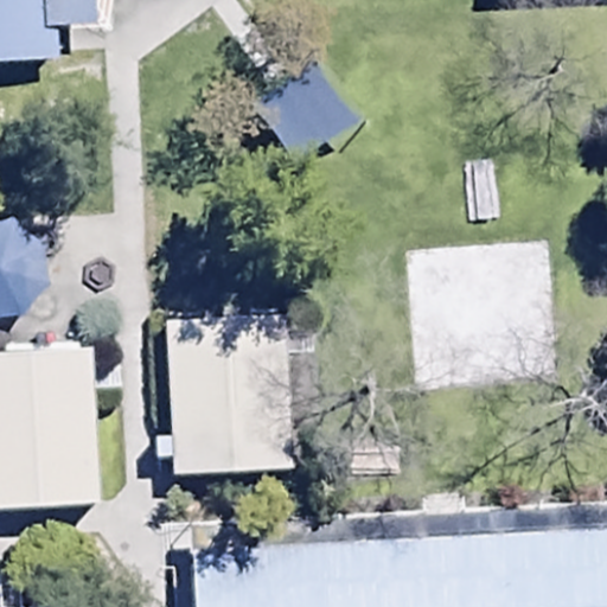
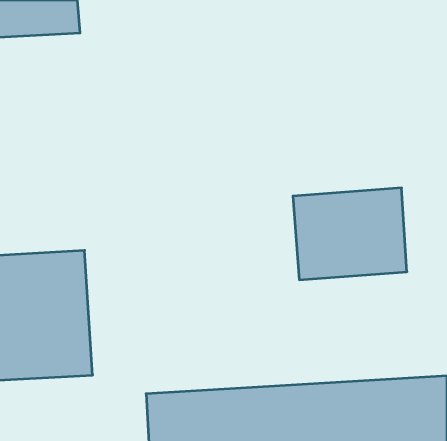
building: [164,296,309,467] -> none

